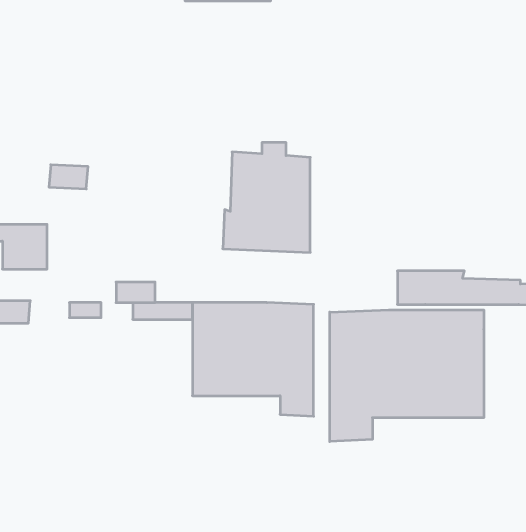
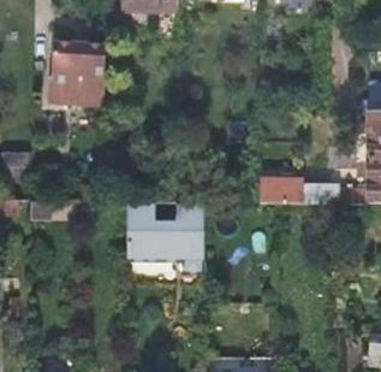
building: [223,143,310,252] -> [47,35,103,106]
building: [330,310,484,442] -> none

